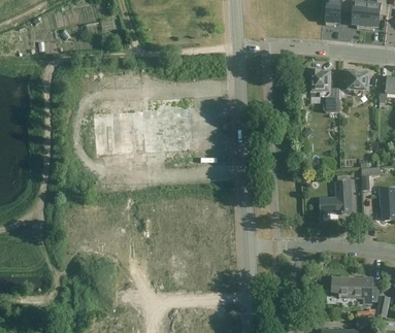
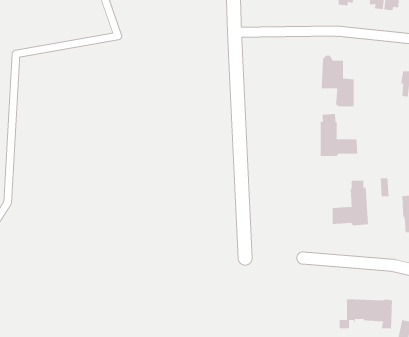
building: [347,71,369,94] -> none
building: none -> [320,113,358,157]

